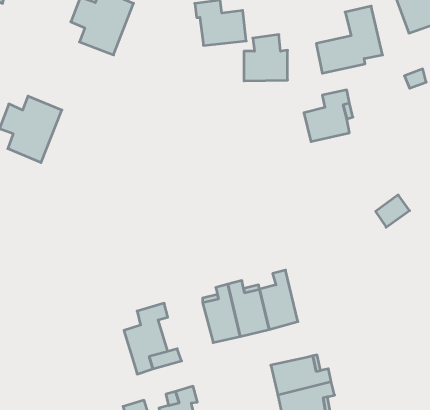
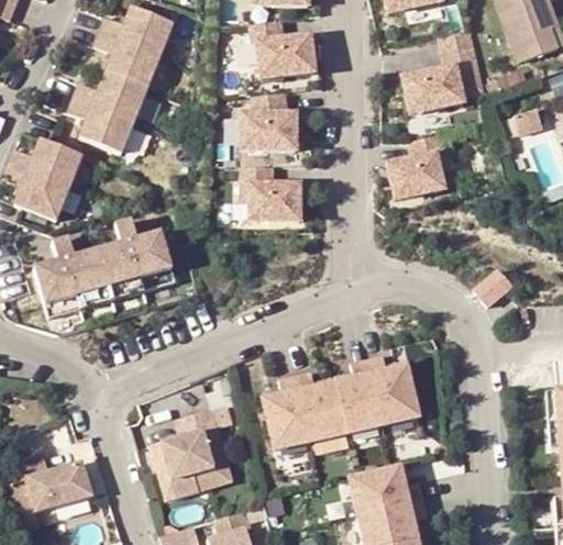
building: [244,35,288,81] -> [241,92,296,151]
building: none -> [68,74,147,156]
building: none -> [241,166,300,220]
building: none -> [35,219,176,315]
building: none -> [364,357,416,425]
building: none -> [11,447,91,505]

